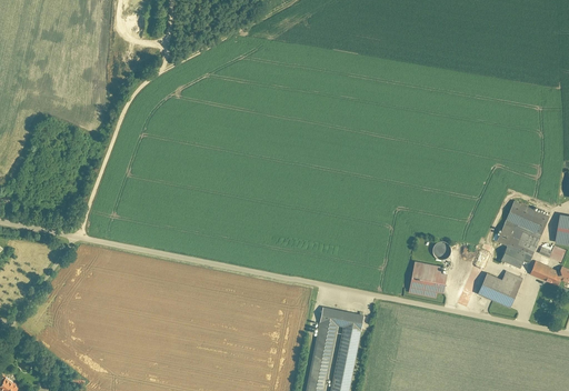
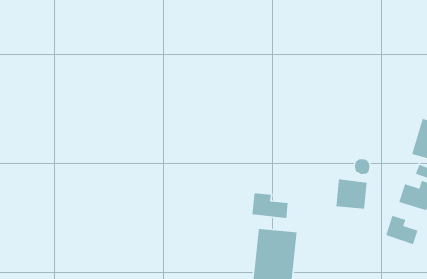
building: none -> [252,193,289,219]
building: none -> [385,215,418,245]

